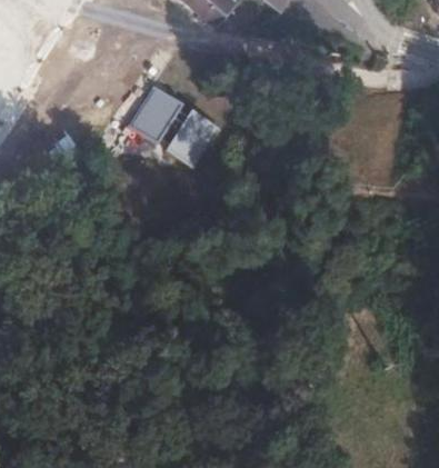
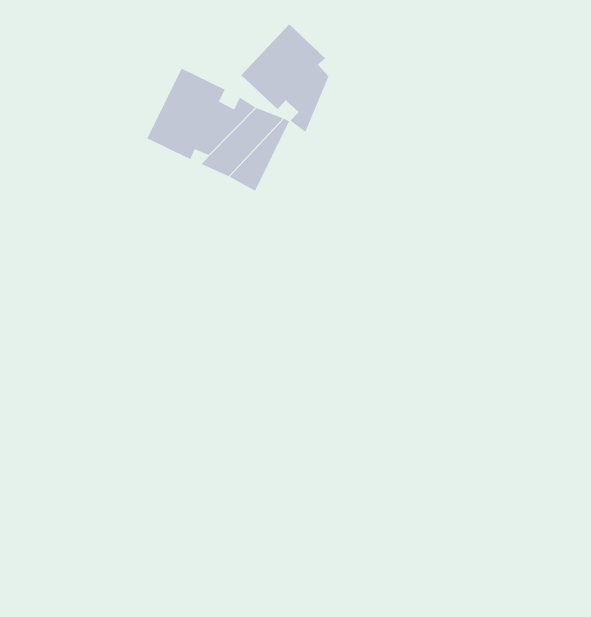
building: none -> [241,24,329,133]

